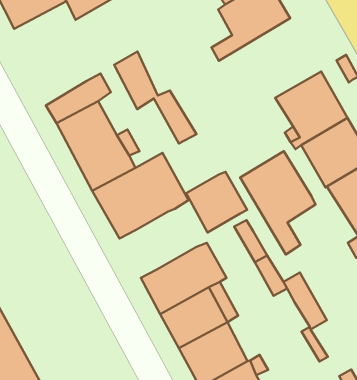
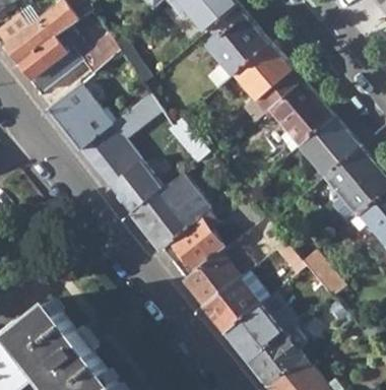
building: none -> [231,41,302,112]
building: none -> [47,83,109,148]
building: [240,151,315,254] -> none
building: [186,172,247,232] -> [171,215,223,268]

